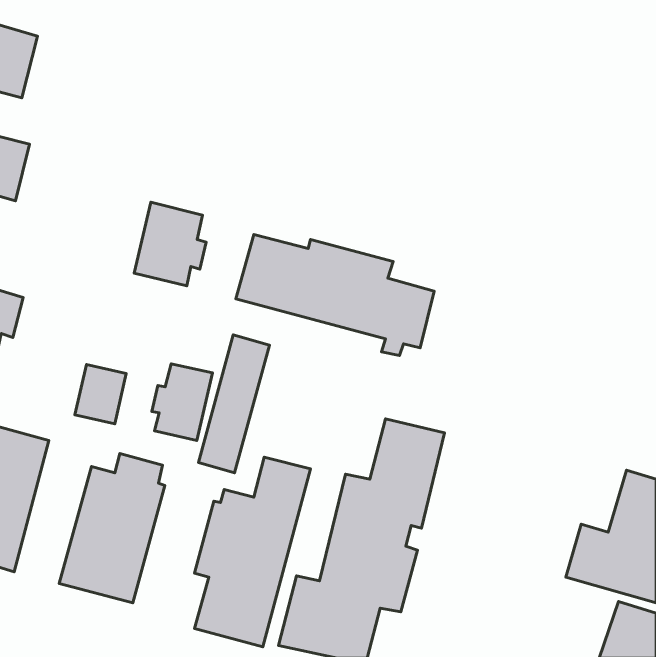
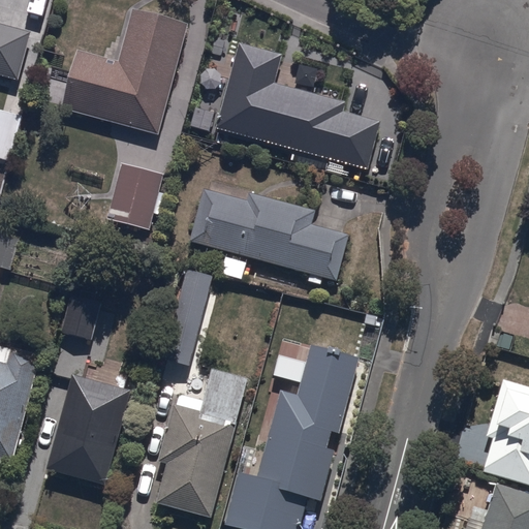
building: none -> [62,8,189,134]
building: none -> [215,40,381,179]
building: [152,364,213,440] -> none

